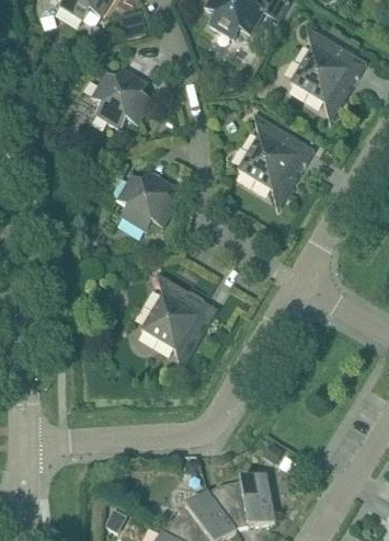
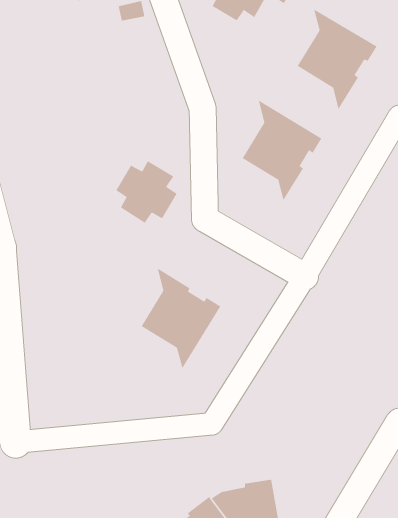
building: [92,68,151,128] -> none

